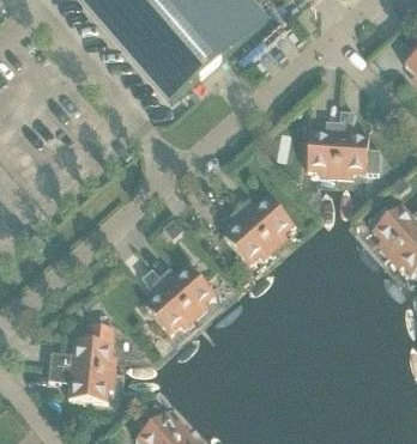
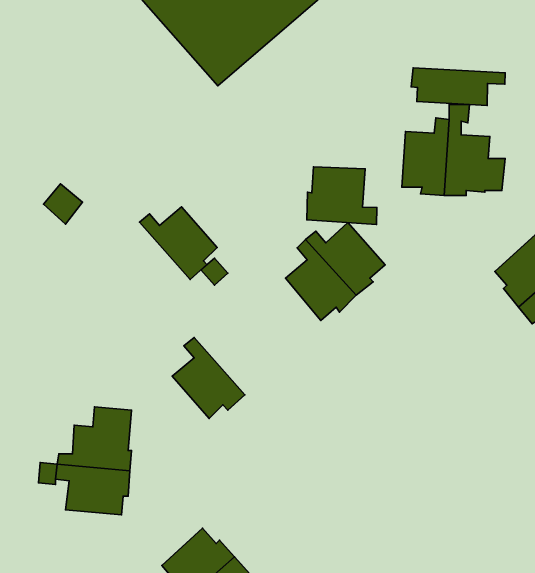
building: none -> [411,68,505,105]
building: none -> [307,167,377,224]
building: [157,263,212,315] -> [139,207,217,280]

